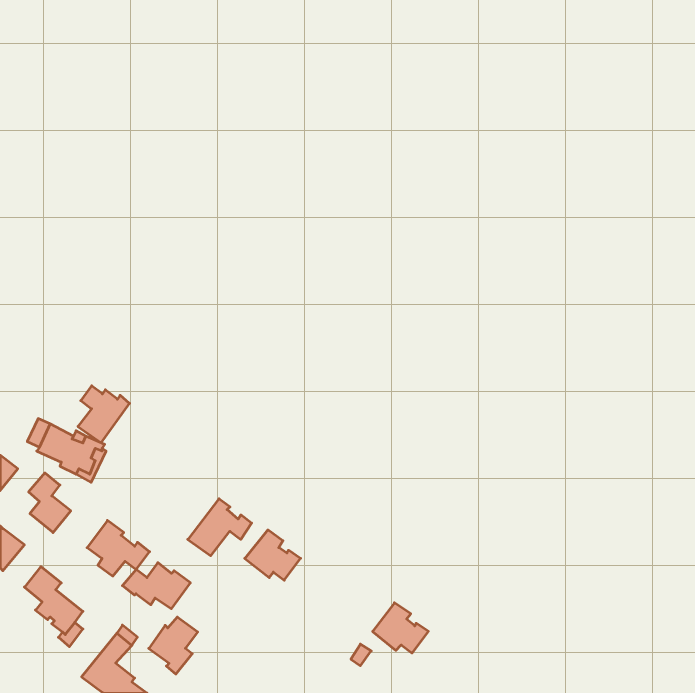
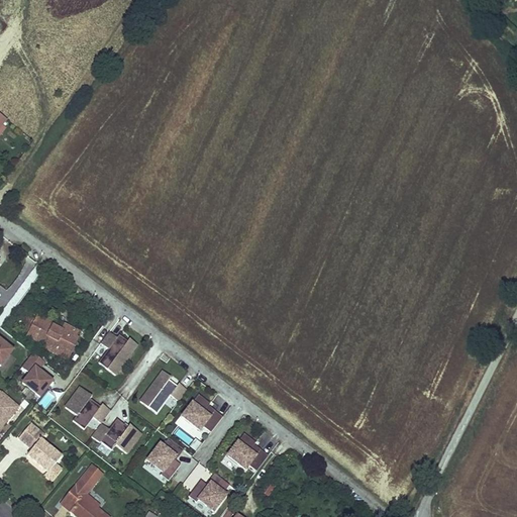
building: [78,386,130,443] -> [98,331,136,374]
building: [373,603,428,653] -> [228,432,270,470]
building: [149,617,198,674] -> [147,437,184,480]
building: none -> [189,473,229,510]

